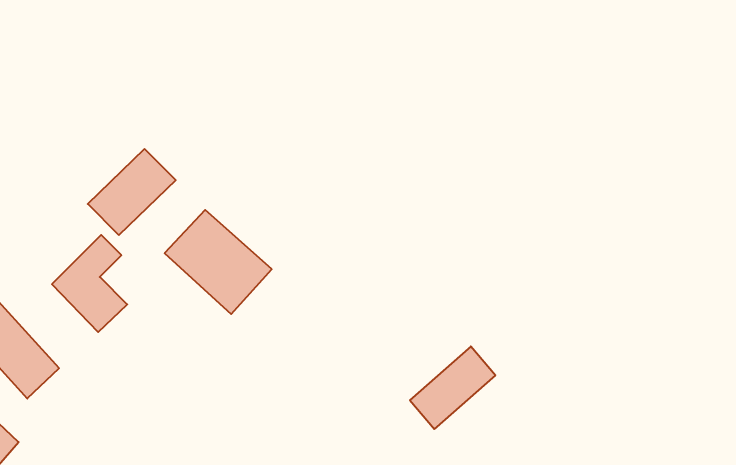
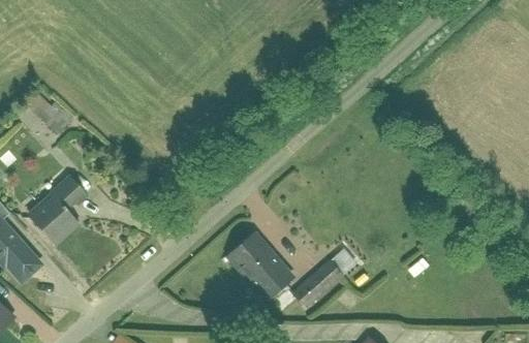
building: [88,149,176,235] -> none
building: [165,210,272,314] -> [217,219,293,293]

